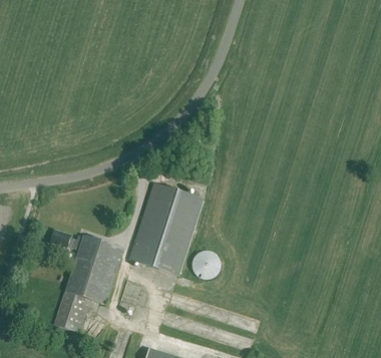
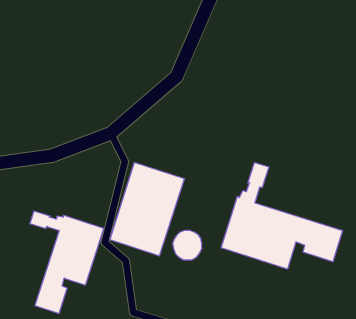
building: none -> [221,163,342,269]

